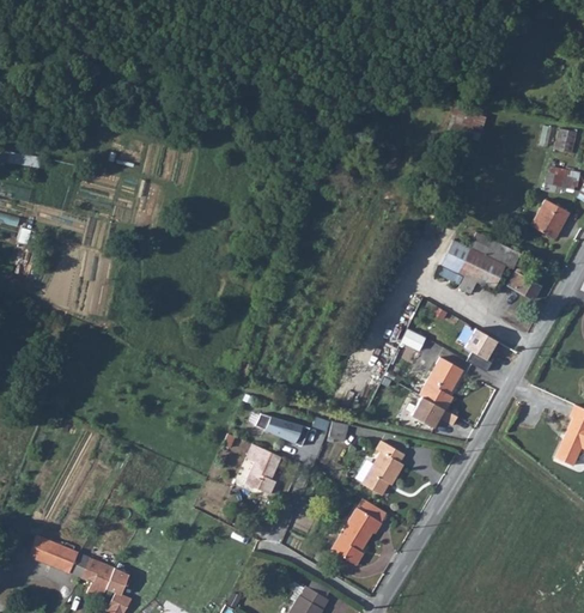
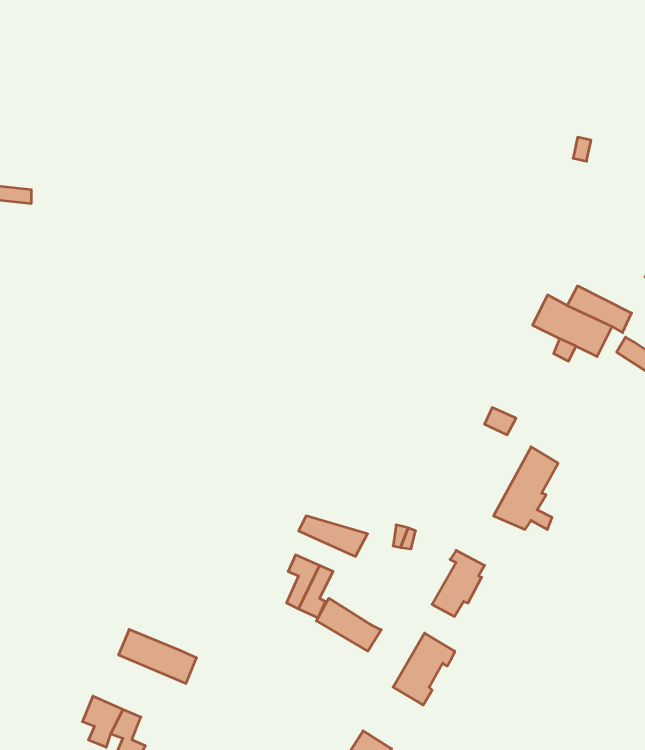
building: [463,327,497,371] -> none
building: none -> [316,598,381,651]
building: [29,535,91,578] -> [119,629,197,683]

